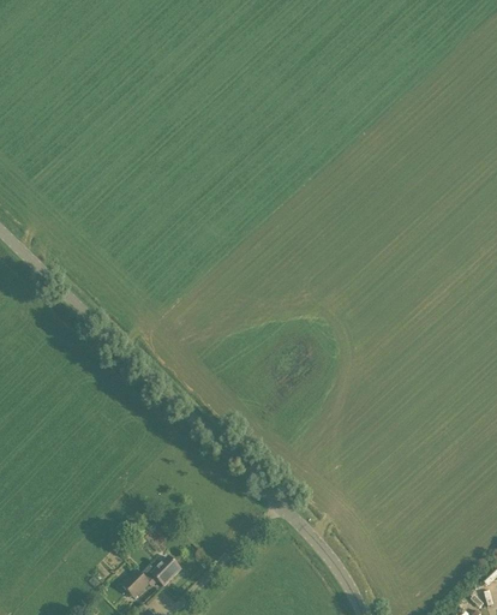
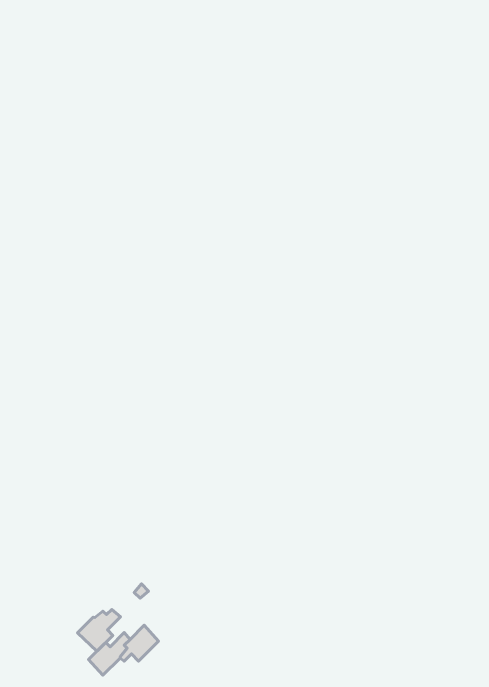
building: none -> [77,609,121,651]

